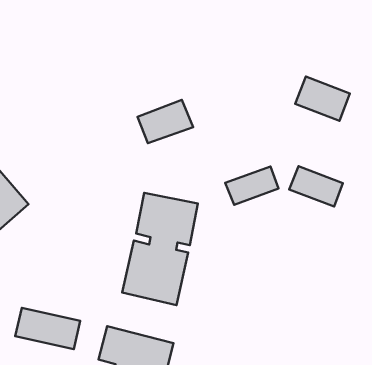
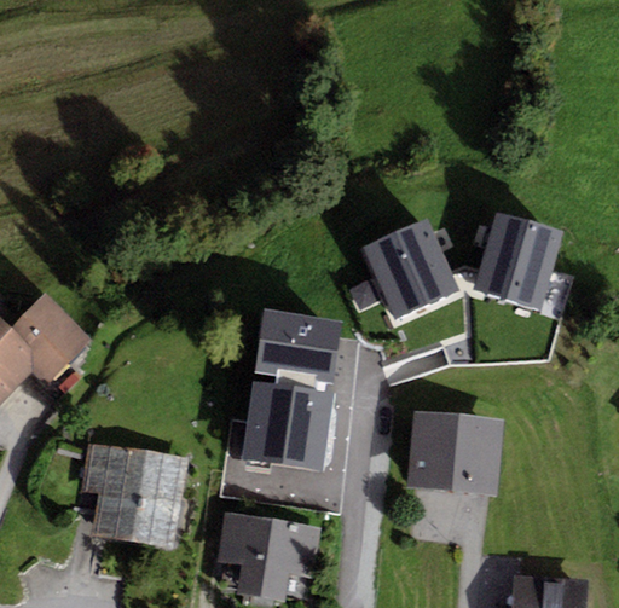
building: [295,77,350,121] -> [485,213,563,273]
building: [138,100,193,143] -> [361,219,444,286]
building: none -> [406,412,504,493]
building: none -> [81,442,191,505]

